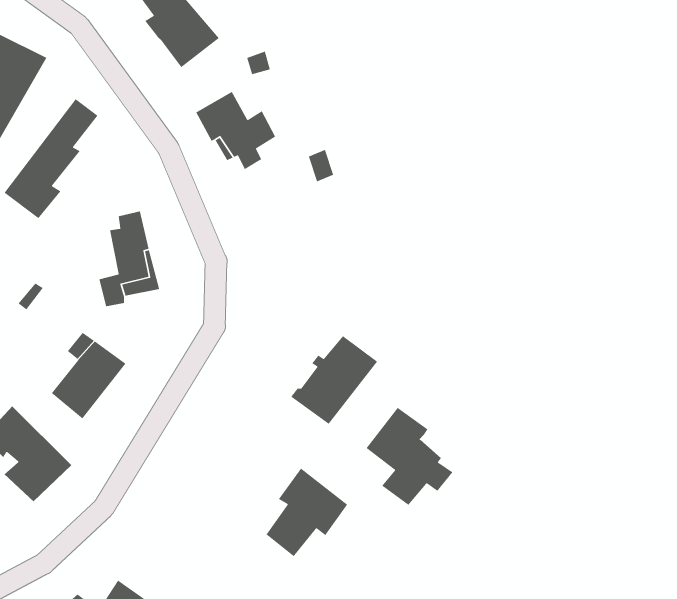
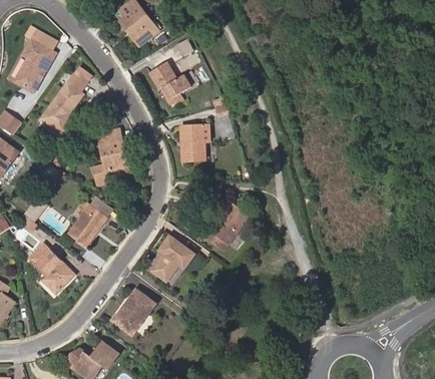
building: none -> [180,122,212,161]
building: [365,407,454,506] -> none
building: [266,468,348,557] -> [151,233,198,284]
building: none -> [111,291,152,335]

